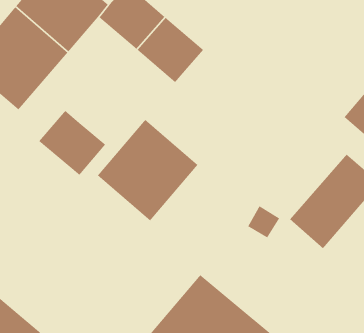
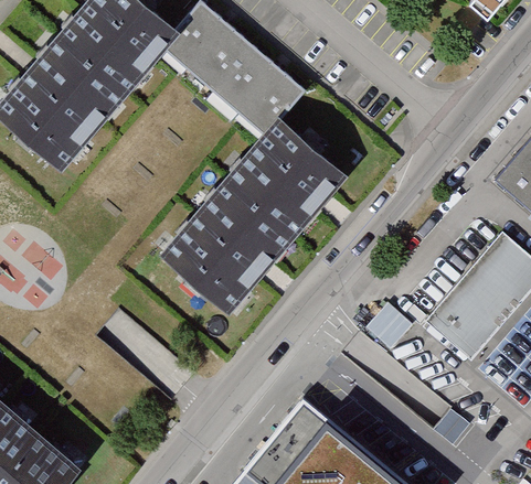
building: none -> [226,119,355,247]
building: [38,110,106,176] -> none

